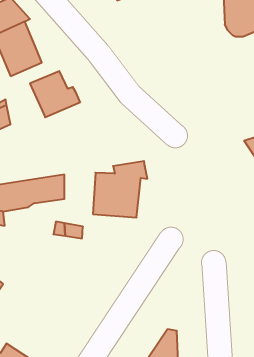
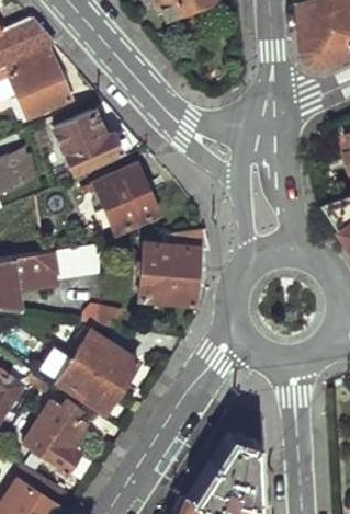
building: none -> [83,165,154,225]
building: none -> [58,332,138,413]
building: none -> [22,402,103,471]

